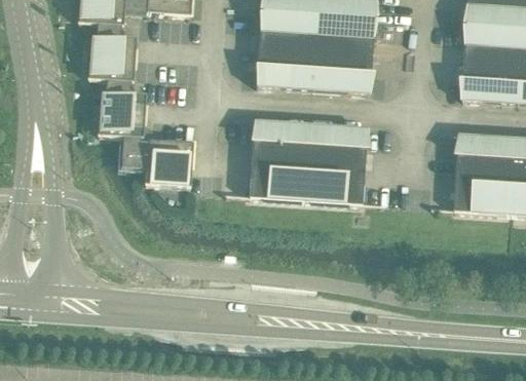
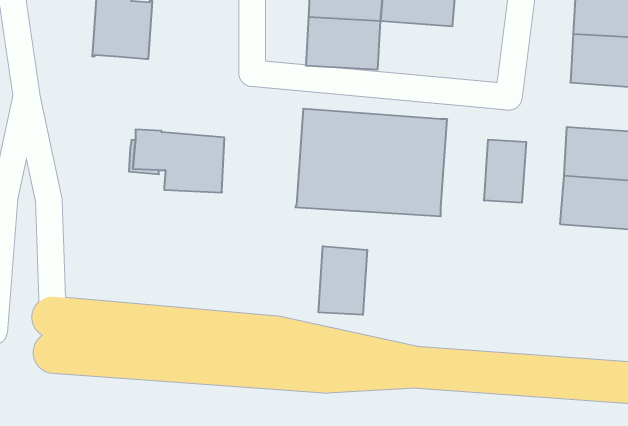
building: [312,50,371,92] -> none
building: [99,78,145,137] -> none
building: none -> [484,140,526,203]
building: none -> [319,246,367,315]

